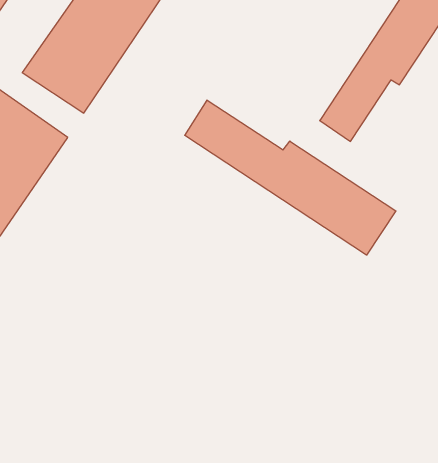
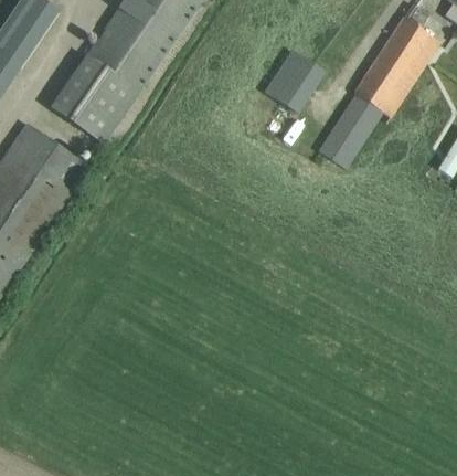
building: none -> [266,50,327,113]
building: [185,100,396,255] -> none

